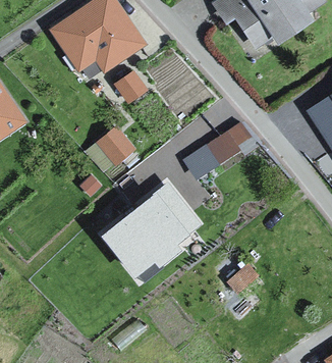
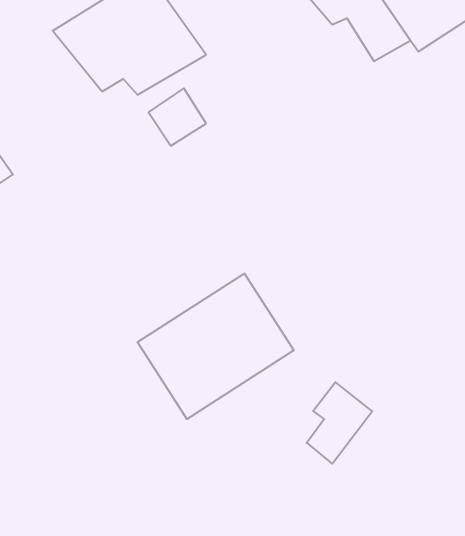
building: [179,122,251,176] -> none
building: [80,124,132,173] -> none

